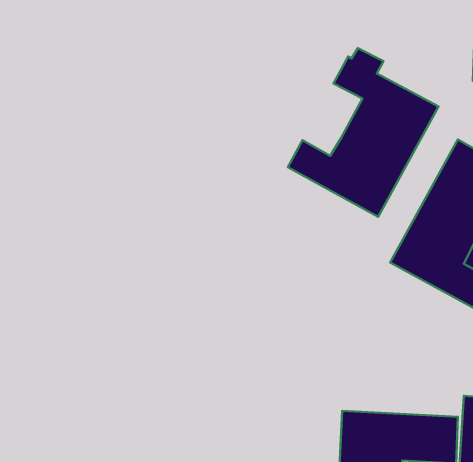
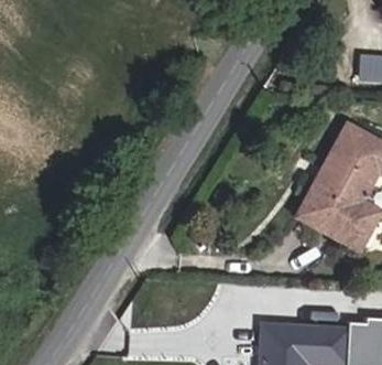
building: [288,48,439,217] -> none

